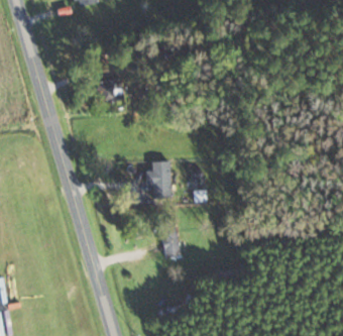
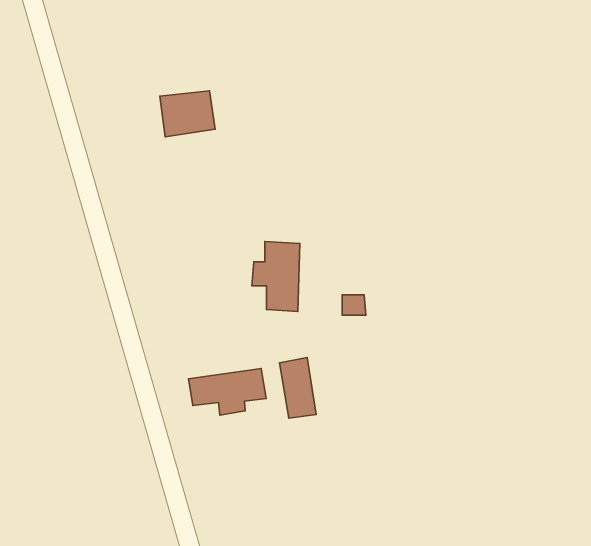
building: none -> [188,369,266,415]

